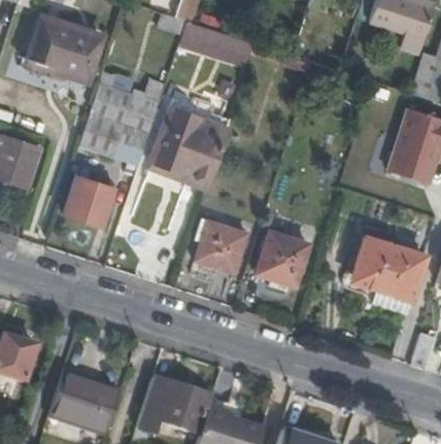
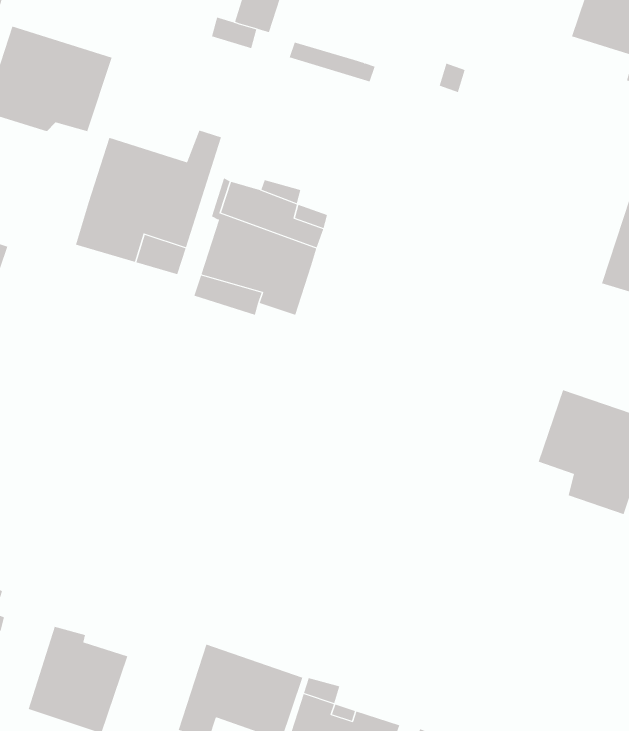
building: [64,168,115,225] -> none
building: [196,217,248,271] -> none
building: [258,231,309,284] -> none

